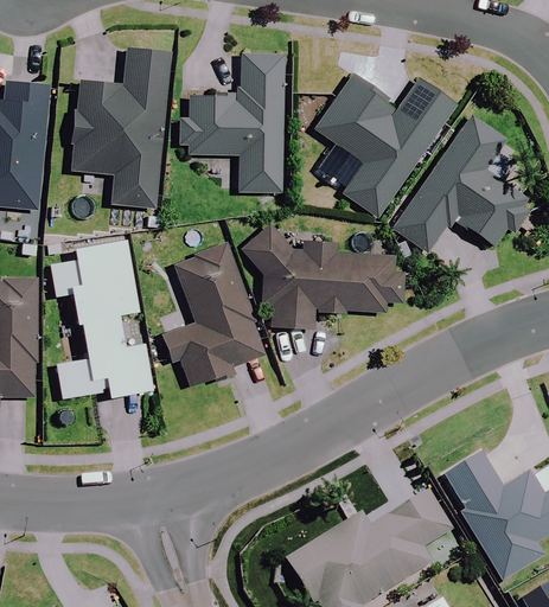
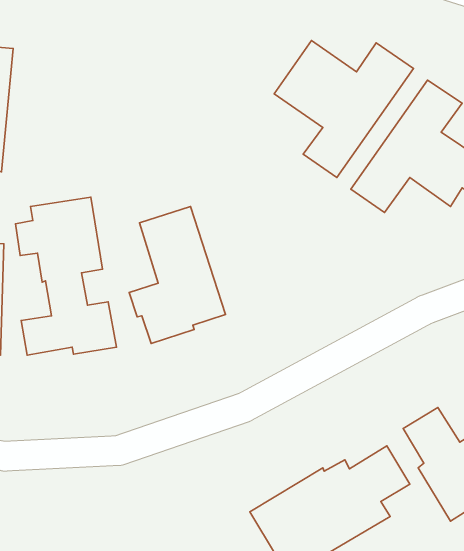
building: [71,47,170,207] -> none
building: [187,55,283,192] -> none
building: [240,222,404,326] -> none

